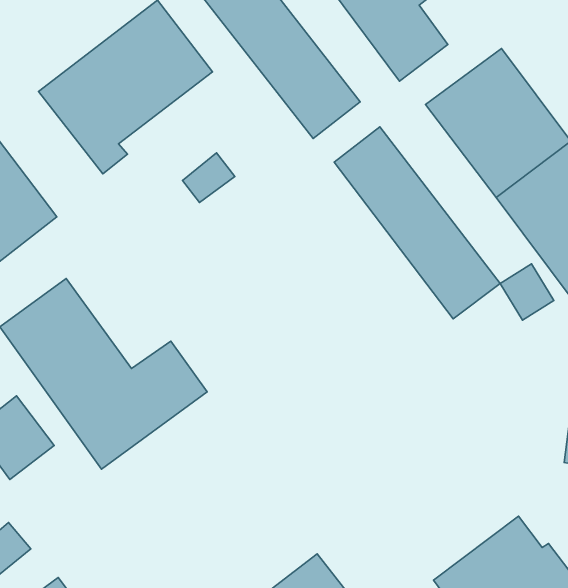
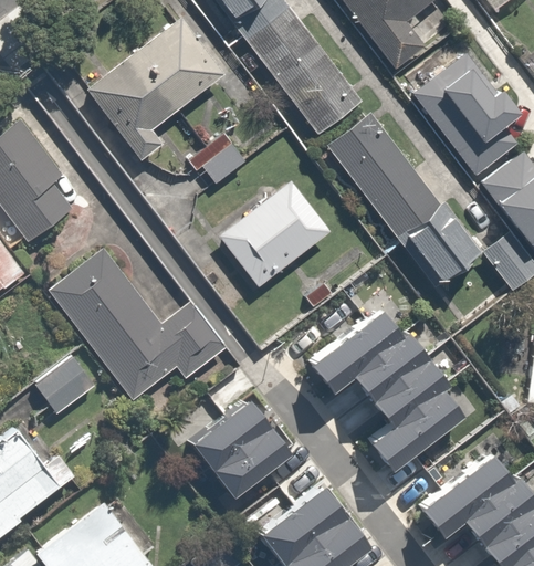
building: none -> [223,180,332,284]
building: none -> [310,307,462,468]
building: none -> [190,396,289,493]

